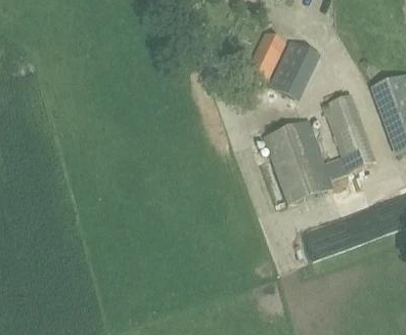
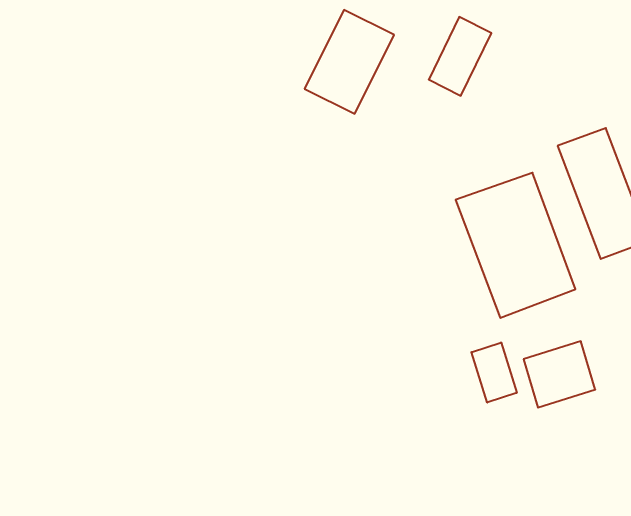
building: [267,39,318,98] -> [305,10,394,114]
building: none -> [471,342,517,403]

